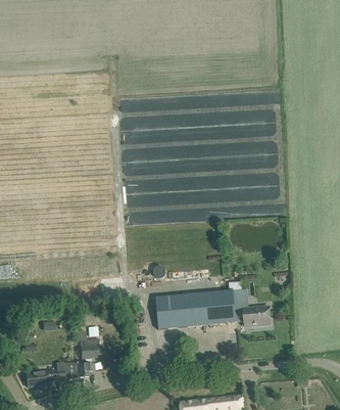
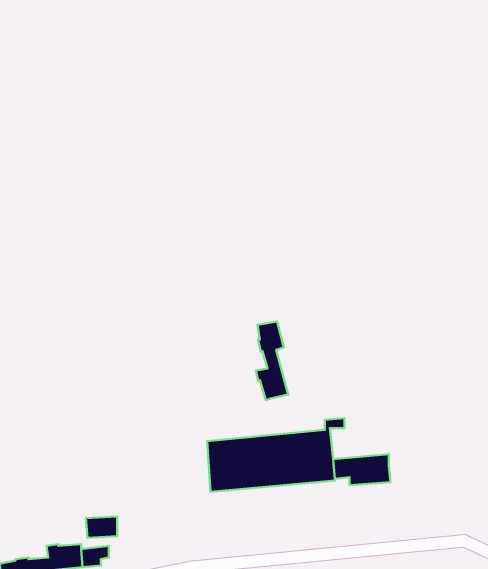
building: none -> [256,321,288,400]

